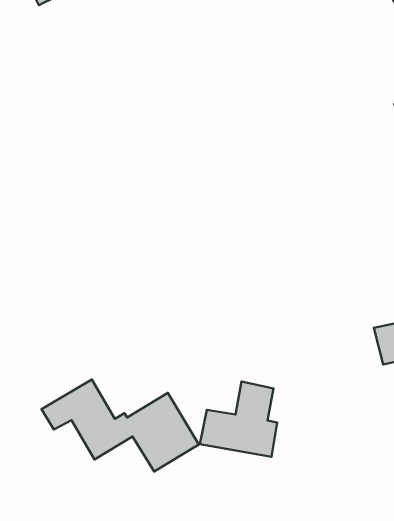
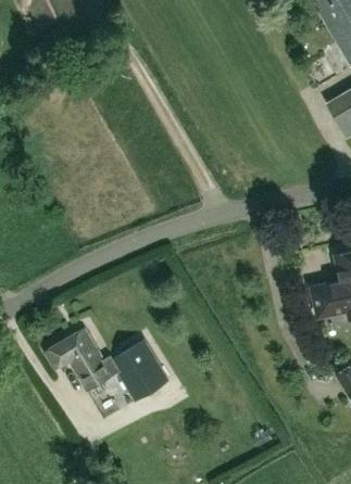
building: [200,381,277,457] -> none

